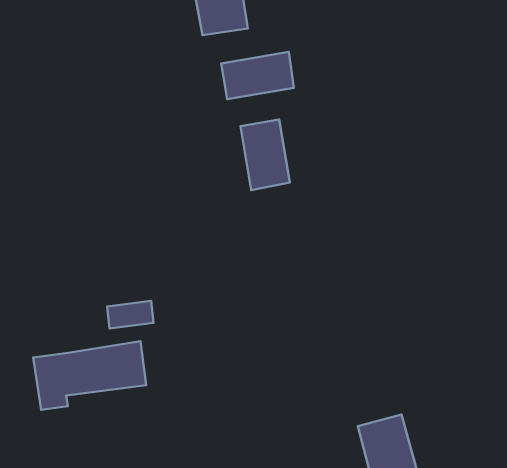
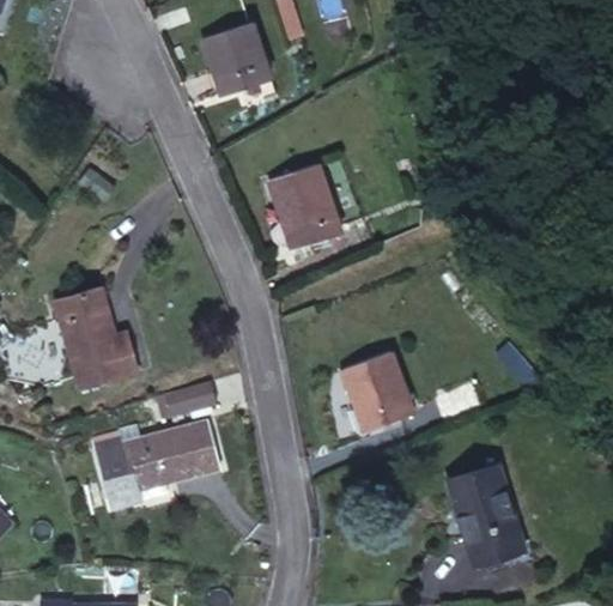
building: [221,52,294,99] -> none
building: none -> [57,295,135,389]
building: none -> [347,357,405,426]

